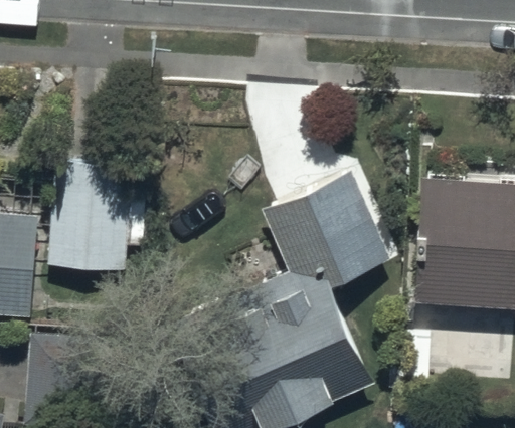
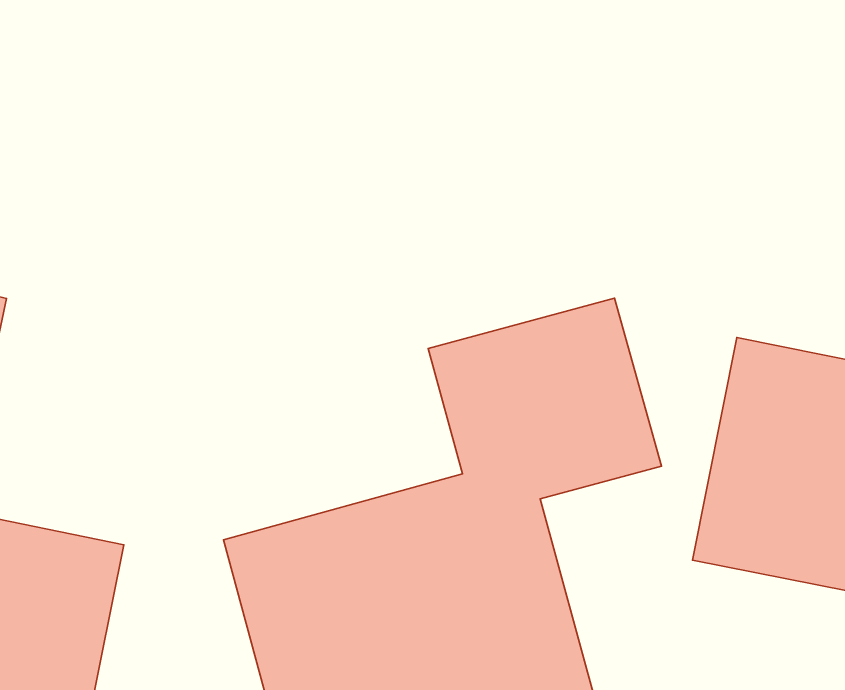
building: [49,163,149,270] -> none

